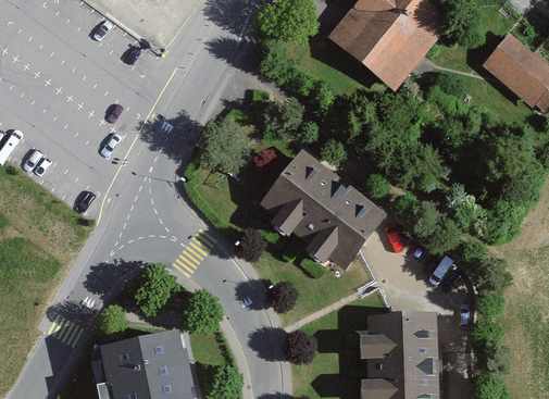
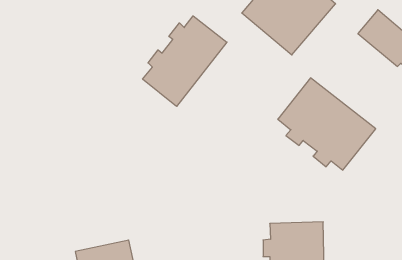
building: none -> [143,16,227,106]
building: [258,149,387,271] -> [278,78,376,170]

